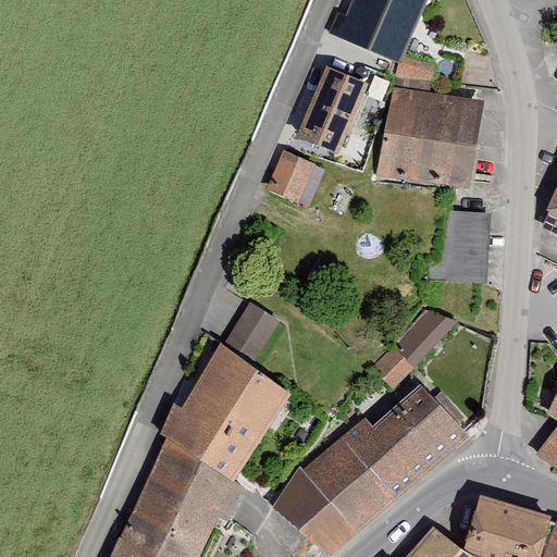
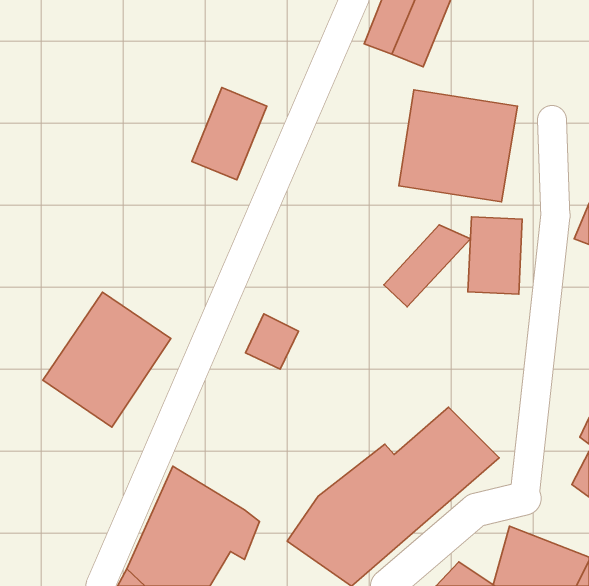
building: [297,70,368,157] -> [192,88,267,180]
building: [268,152,313,202] -> none
building: none -> [43,292,171,427]
building: [373,309,455,386] -> [384,225,470,307]
building: [163,350,290,481] -> none

